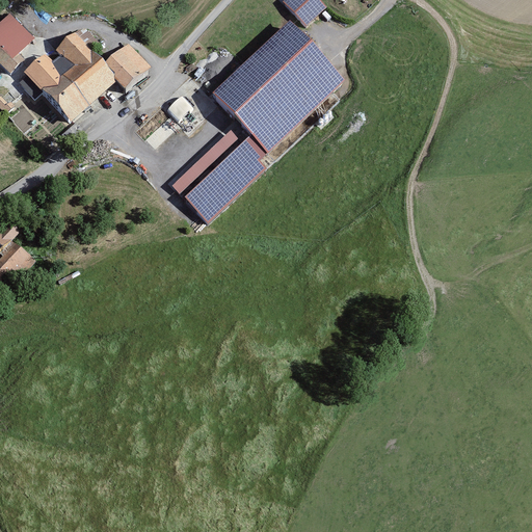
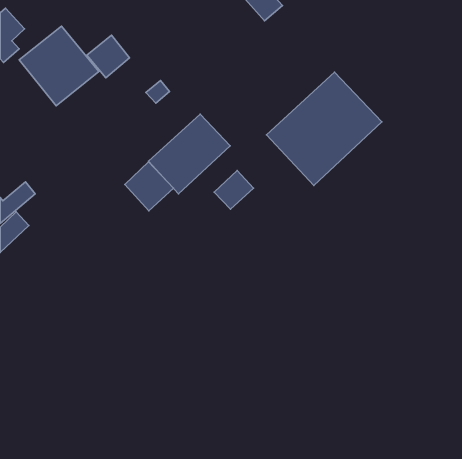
building: [212,23,344,153] -> [267,72,382,185]
building: none -> [125,162,173,211]
building: none -> [214,170,254,209]

